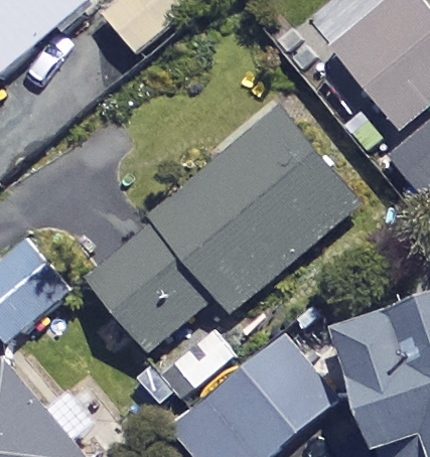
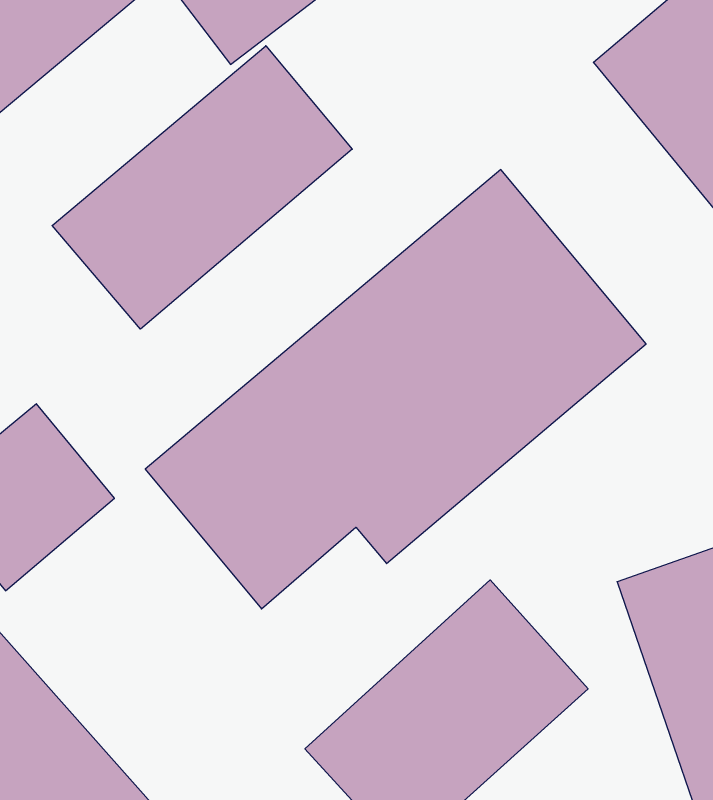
building: none -> [52,46,352,329]

